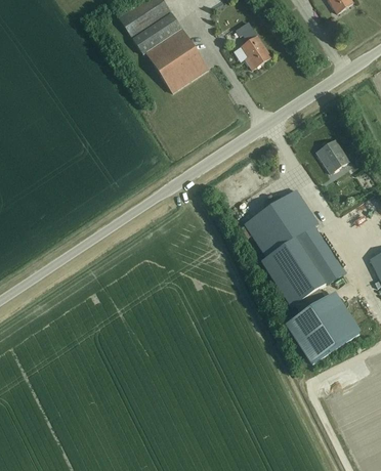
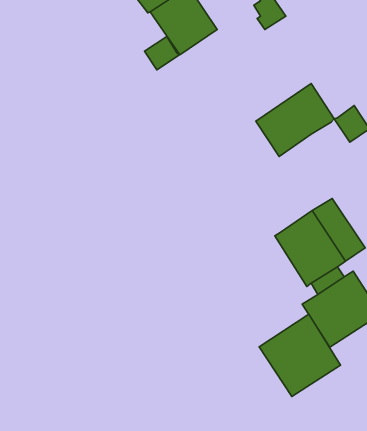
building: none -> [145,36,179,70]
building: [244,189,316,257] -> [256,84,334,156]
building: none -> [259,314,340,397]

